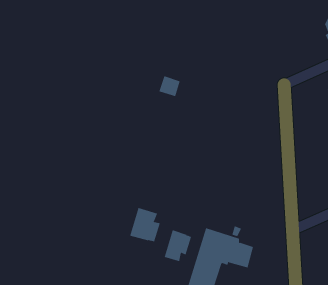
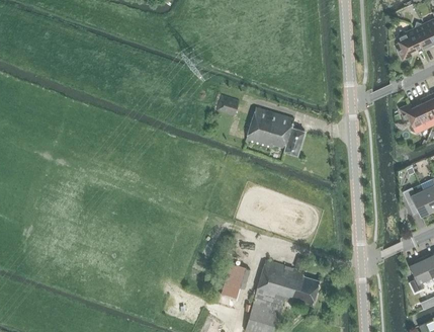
building: none -> [246,108,305,156]
building: [129,207,160,242] -> none

